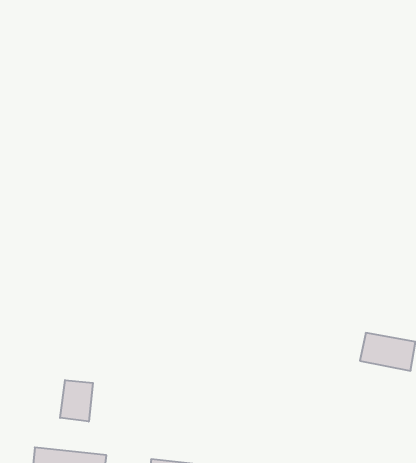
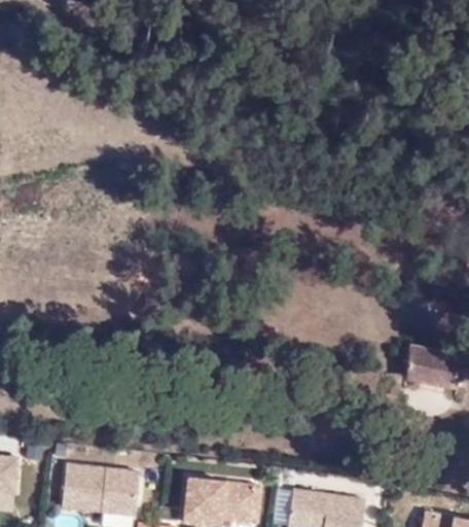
building: [60,380,93,422] -> none

